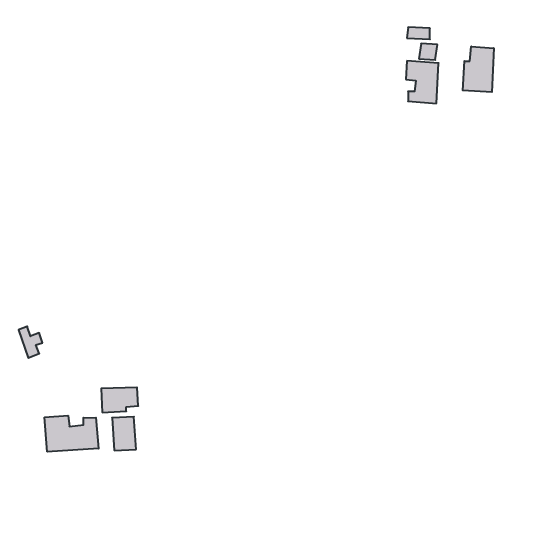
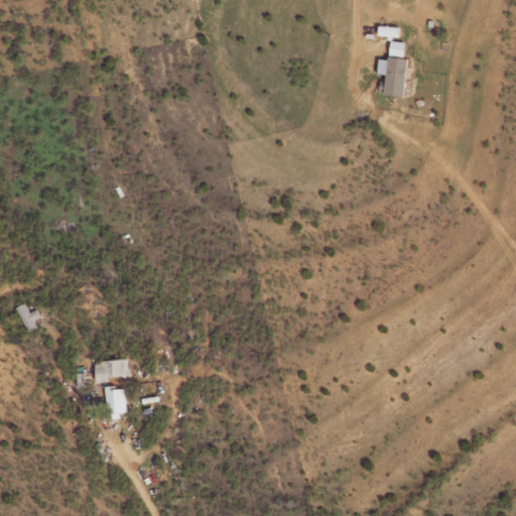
building: [463,46,494,92] -> none
building: [45,416,99,452] -> none

